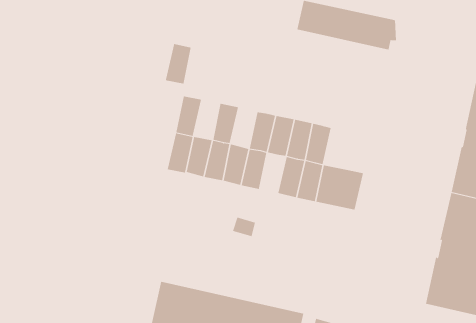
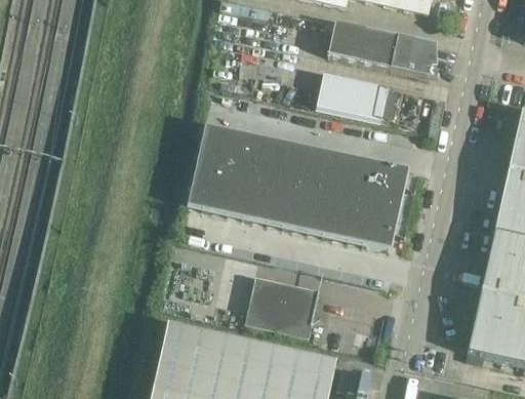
building: [165,44,192,84] -> [215,128,244,172]
building: none -> [317,73,399,119]
building: none -> [255,136,284,182]
building: none -> [356,159,408,208]
building: none -> [287,186,316,230]
building: none -> [244,275,319,336]

